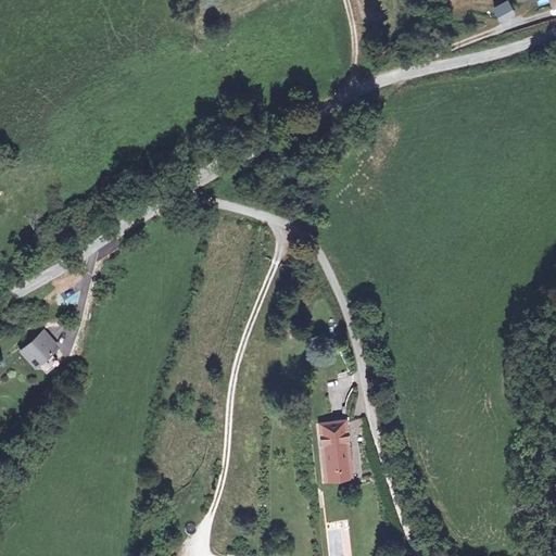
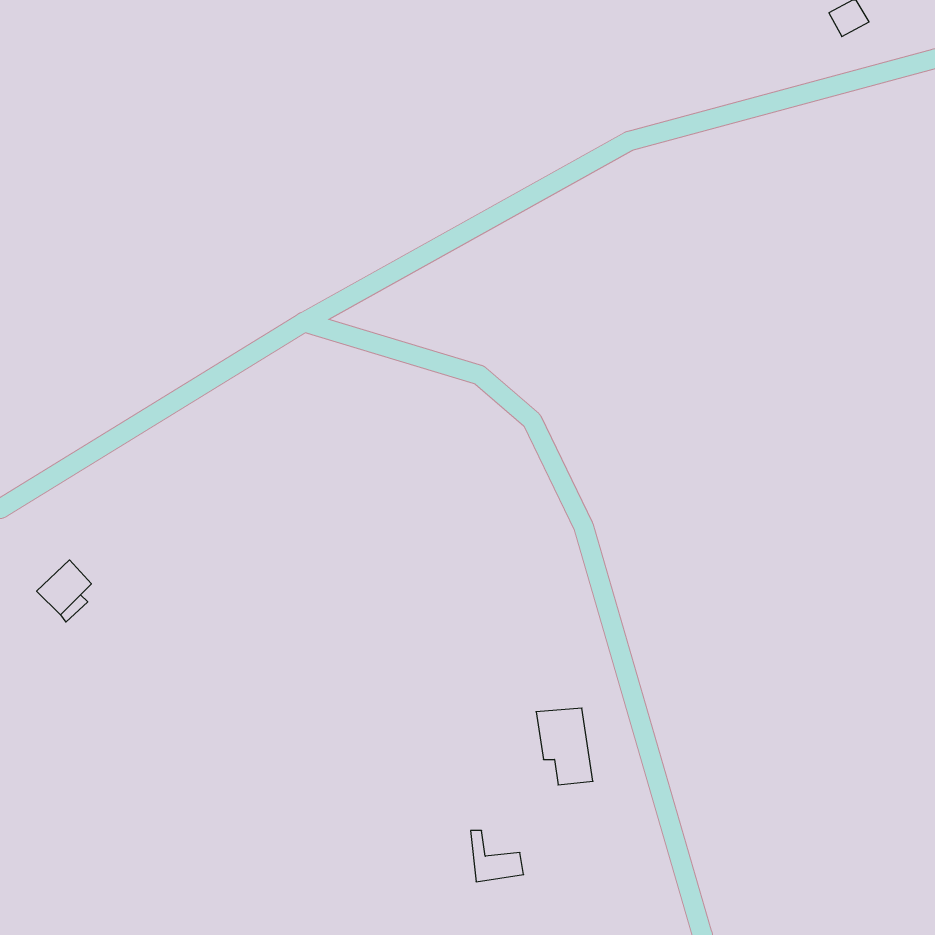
building: [323,451,354,481] -> [471,831,524,882]

